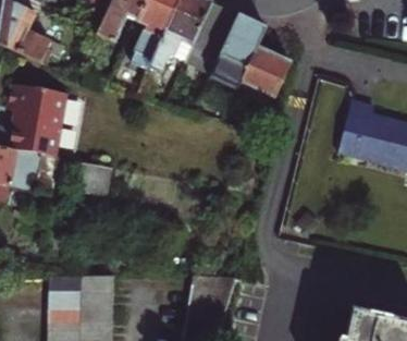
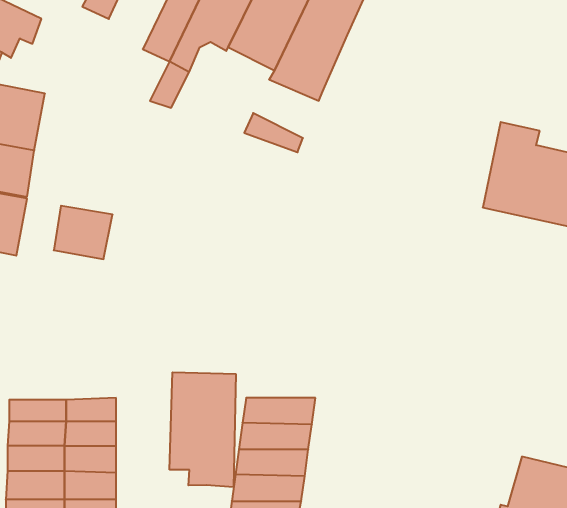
building: [238,50,288,99] -> none
building: none -> [170,372,236,487]

